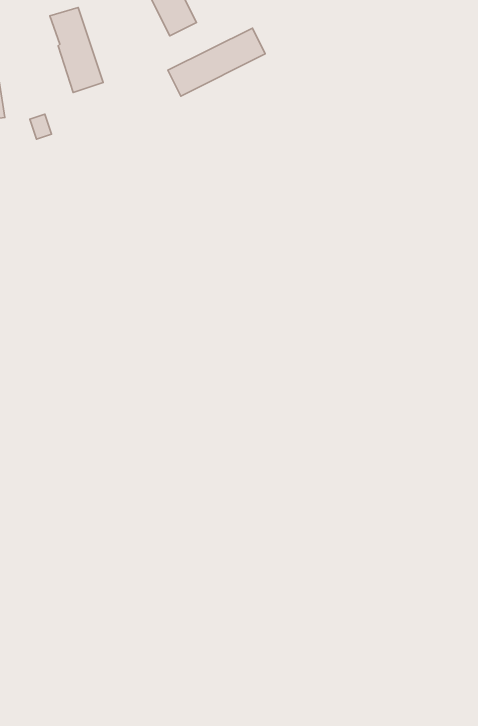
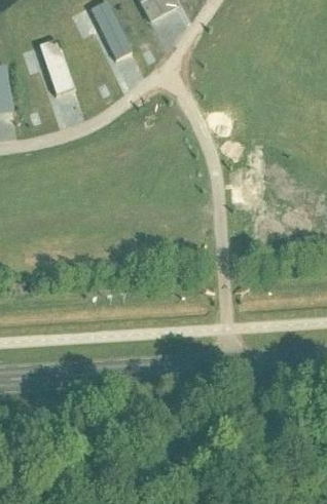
building: [168,28,265,96] -> none

